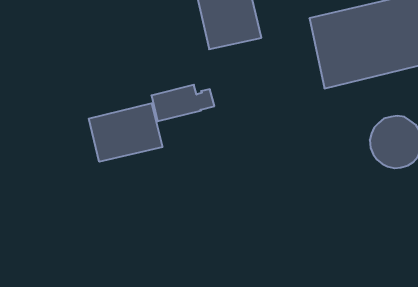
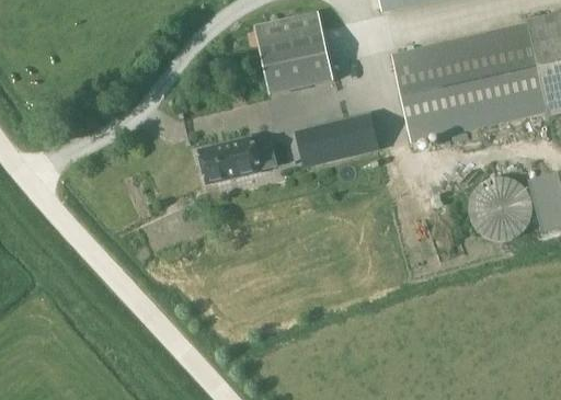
building: none -> [297,115,378,165]
building: [89,103,162,162] -> none

